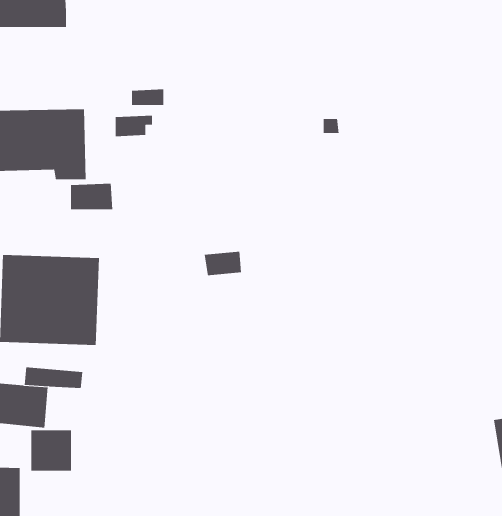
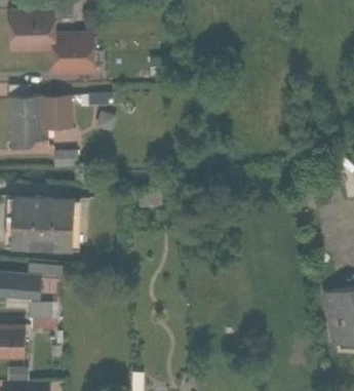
building: none -> [56,41,95,75]

